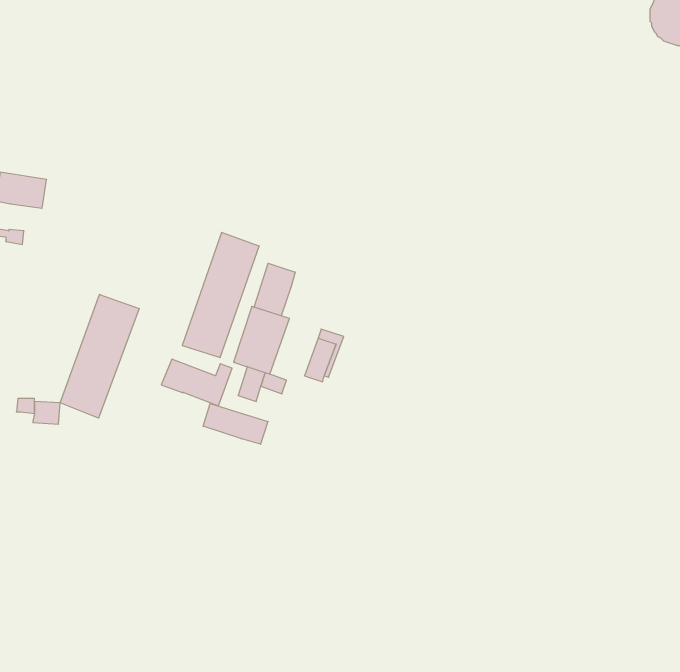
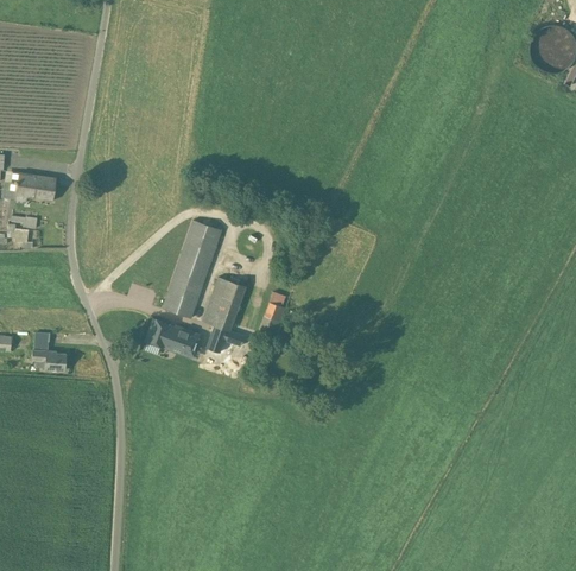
building: [254,263,295,316] -> none
building: [60,294,139,418] -> none
building: [203,403,268,444] -> none

